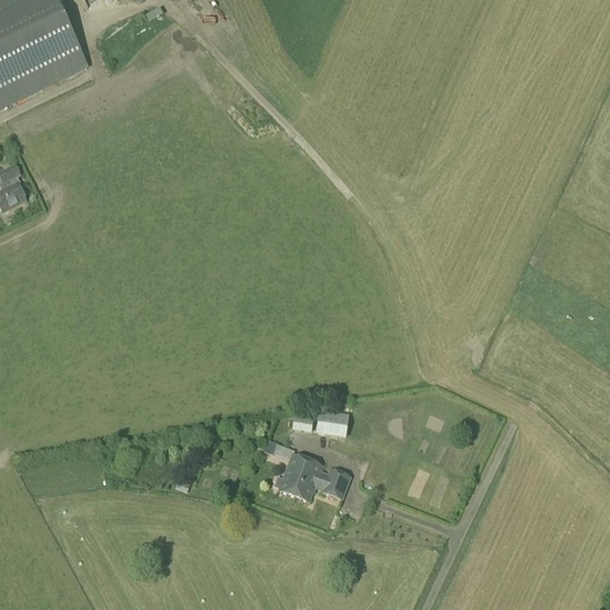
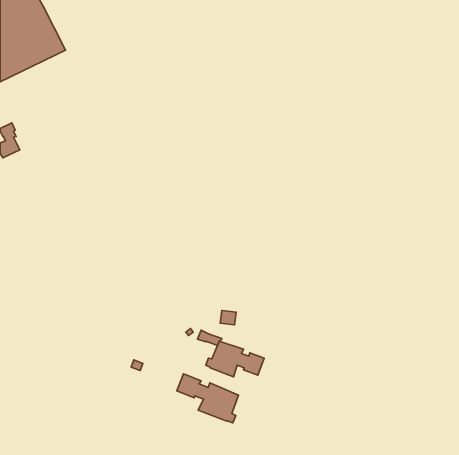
building: [316,409,349,437] -> none
building: none -> [177,374,239,423]

